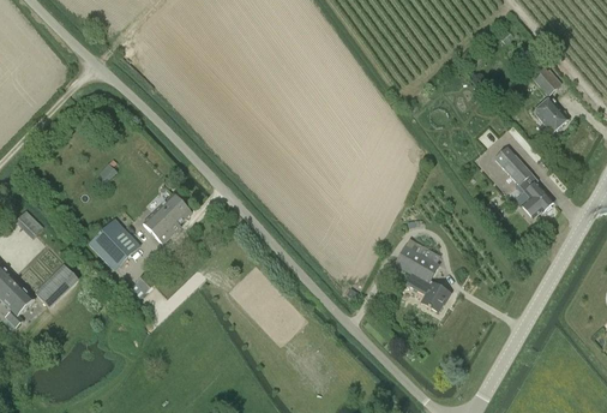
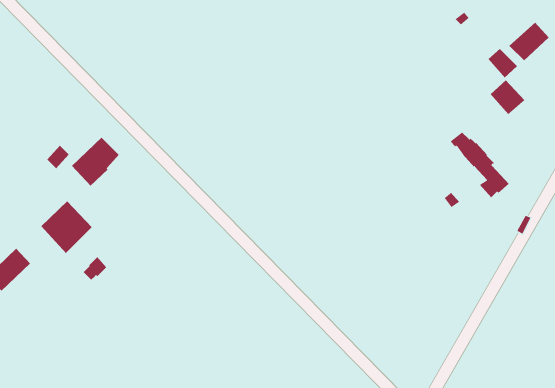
building: none -> [509,22,550,61]
building: [142,193,190,243] -> [71,137,120,186]
building: [392,238,449,311] -> none

